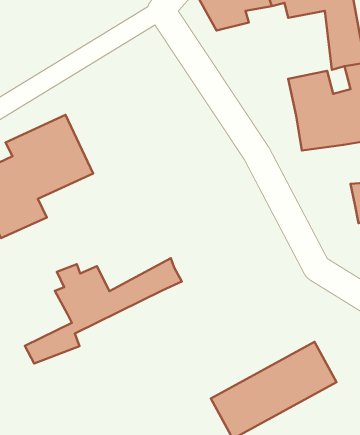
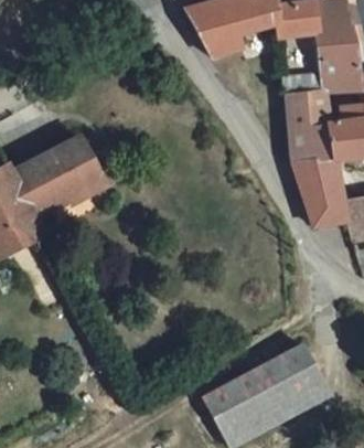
building: none -> [297,157,347,215]
building: [25,258,182,364] -> none

